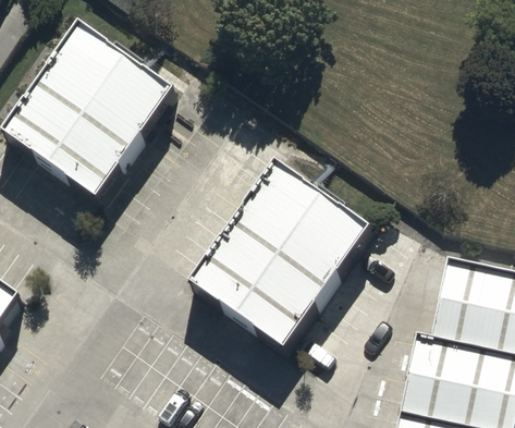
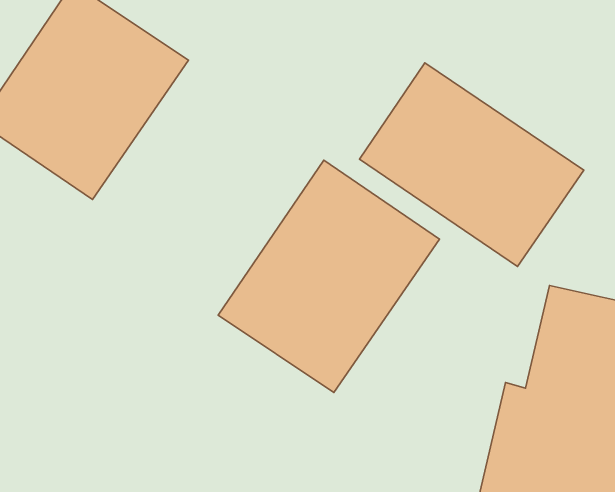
building: none -> [360,63,584,266]

